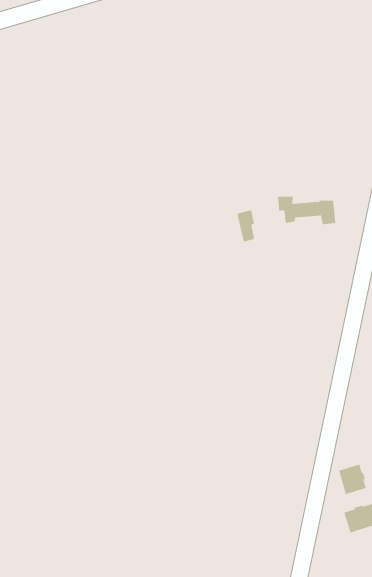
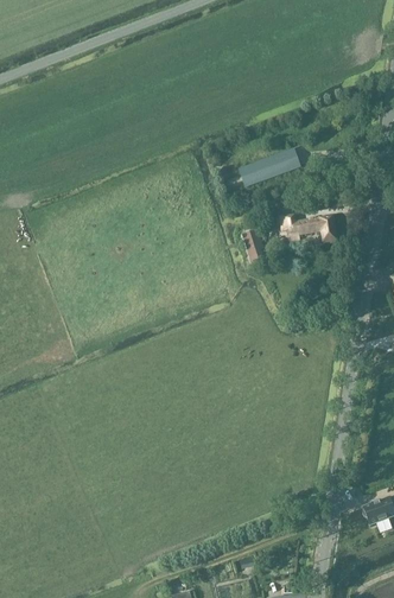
building: none -> [239,148,300,187]
building: [339,464,366,495] -> none

